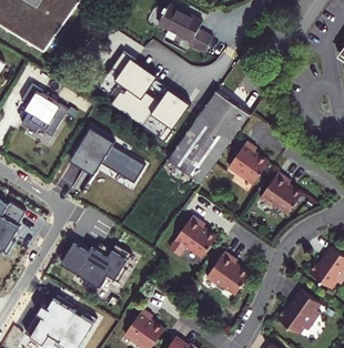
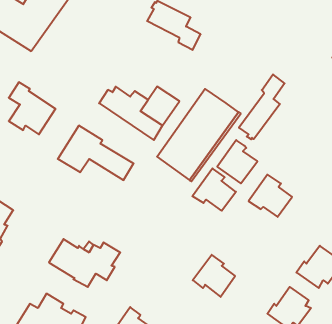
building: [112,53,156,99] -> none
building: none -> [239,74,285,139]
building: [169,217,212,259] -> [192,168,236,211]

